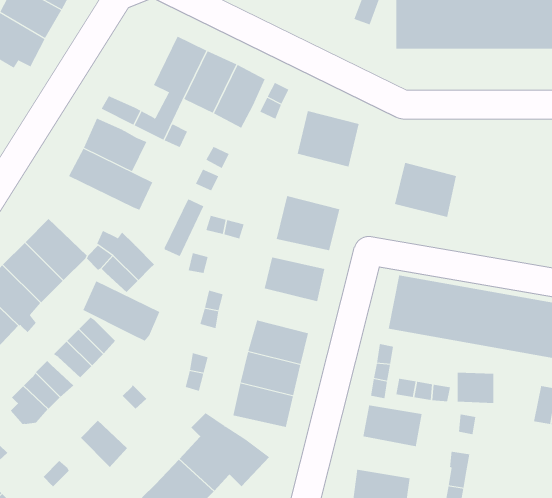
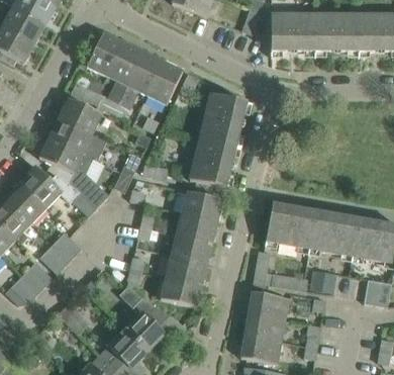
building: none -> [86,32,122,75]
building: [394,162,457,218] -> [196,121,238,159]
building: [82,280,160,342] -> [39,136,92,178]
building: none -> [176,212,217,243]
building: none -> [243,312,284,341]

